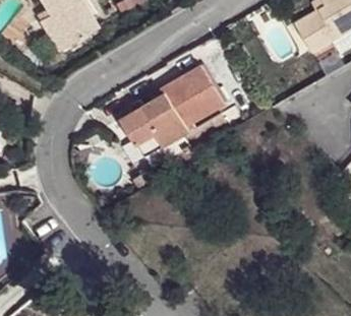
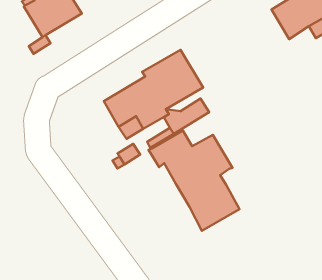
building: none -> [148,131,239,231]

